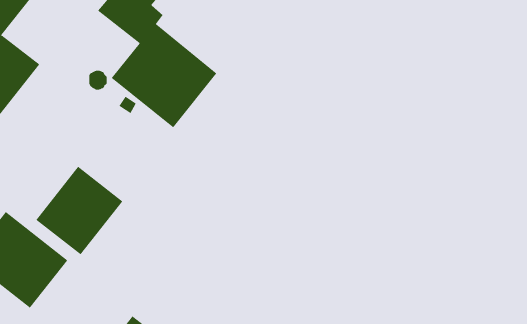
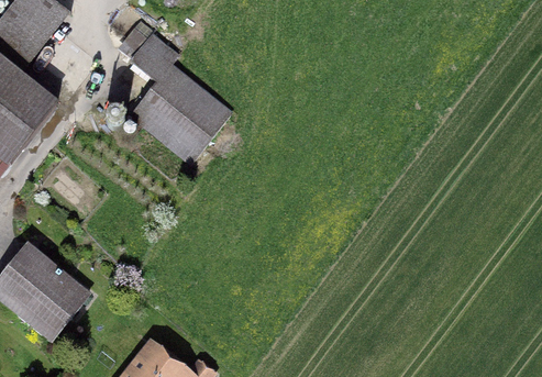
building: [35,166,123,255] -> none

